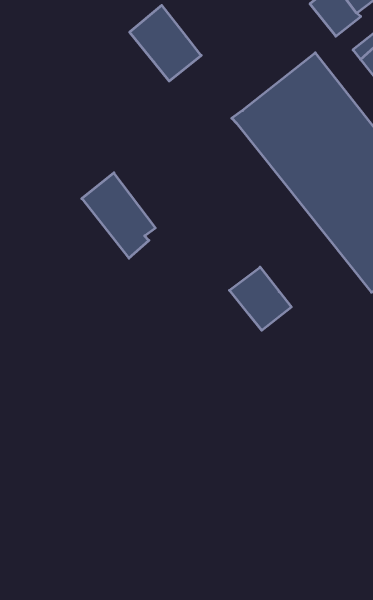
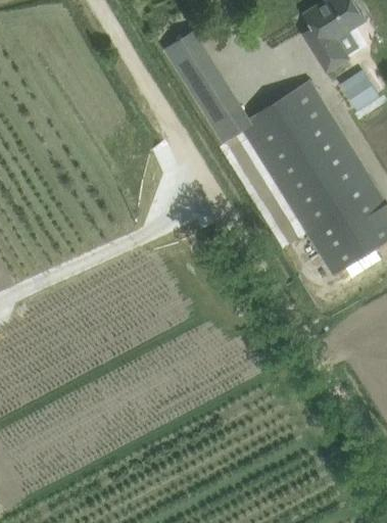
building: [82,173,155,258] -> [192,74,247,142]
building: [229,267,291,330] -> none

